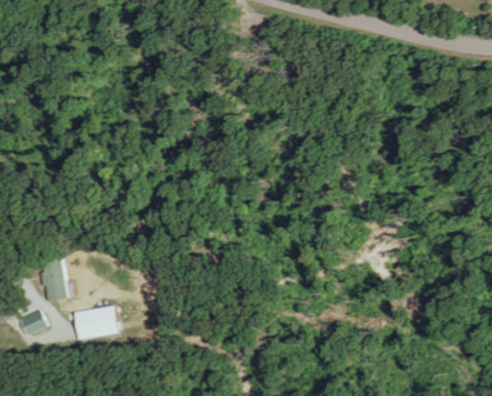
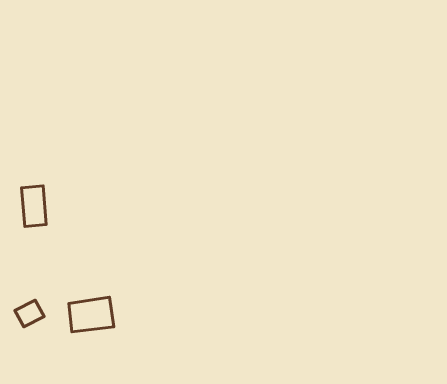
building: [42,260,67,301] -> [22,186,46,227]

